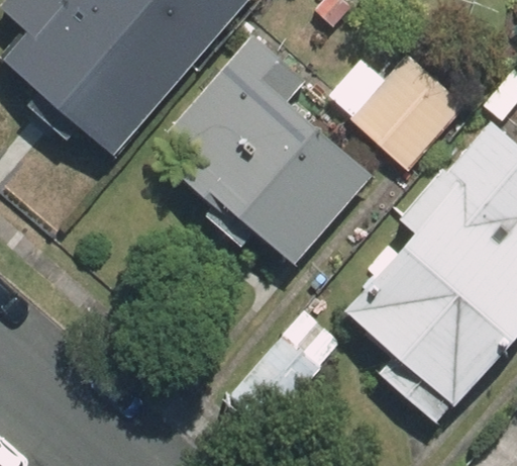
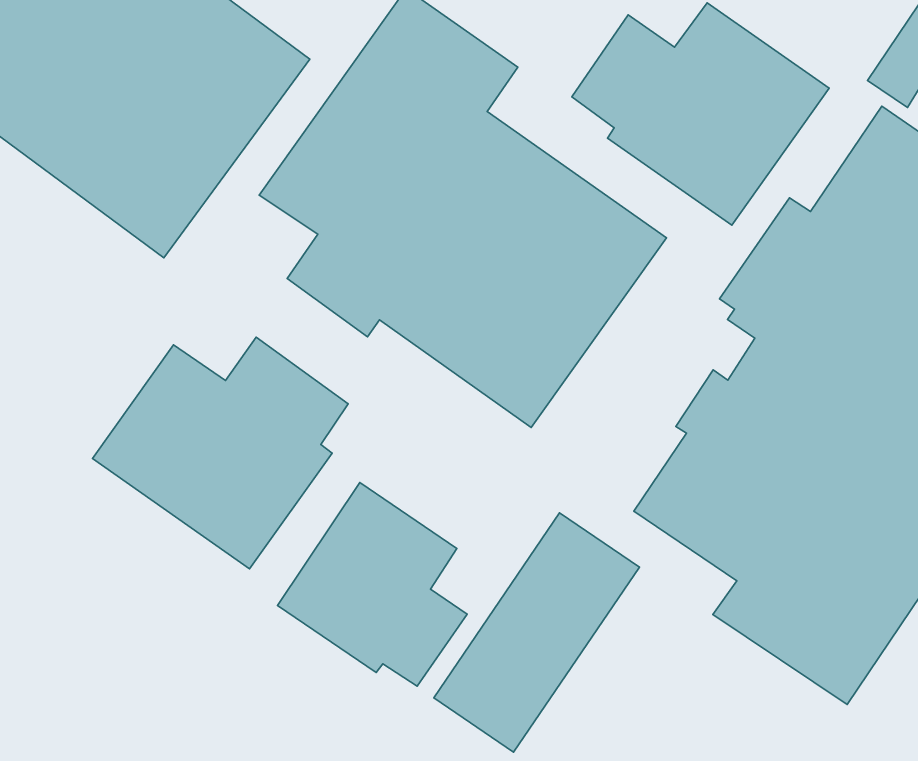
building: none -> [92,337,348,569]
building: none -> [277,482,467,686]

